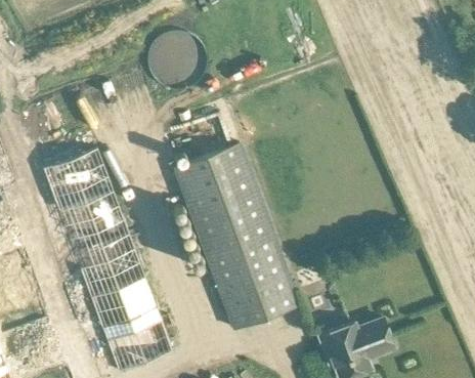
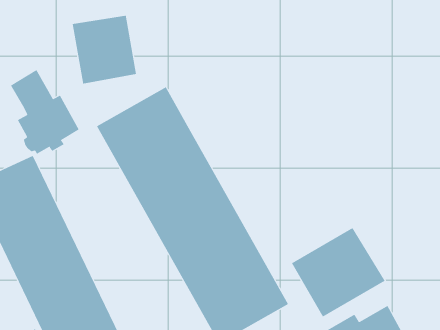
building: none -> [10,69,80,155]
building: none -> [291,227,385,318]

